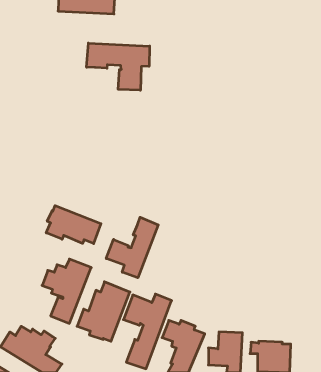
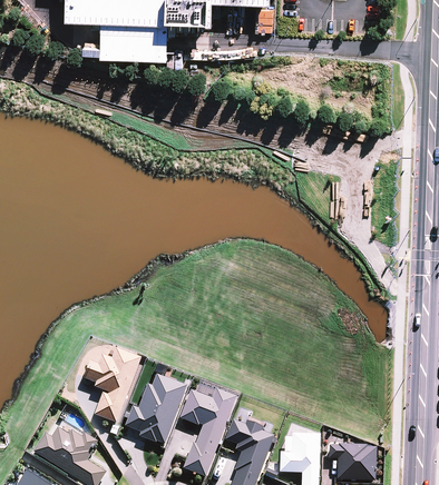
building: [87,43,150,90] -> none
building: [46,206,101,244] -> none
building: [106,217,158,278] -> none

